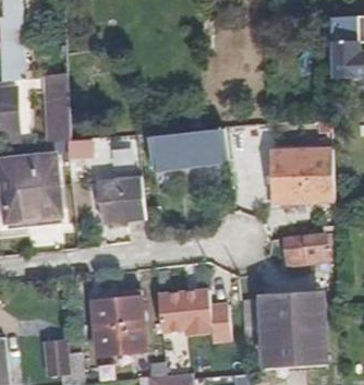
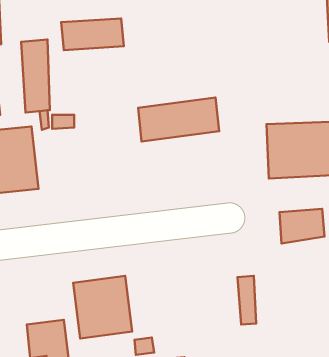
building: none -> [61,18,124,50]
building: [99,178,146,224] -> none
building: [156,288,229,339] -> none
building: [265,297,326,364] -> none

